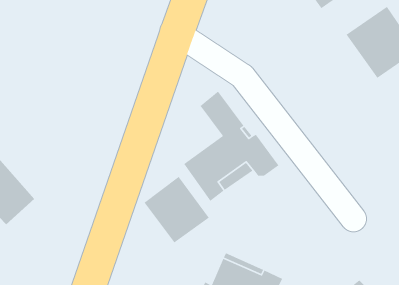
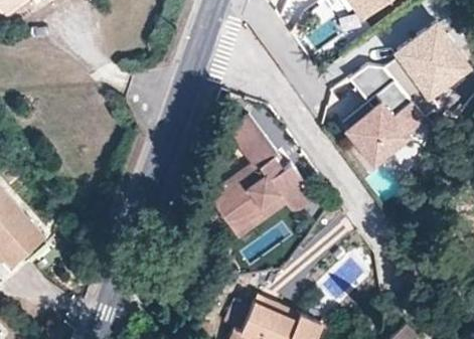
building: none -> [326,67,430,172]
building: [144,176,210,244] -> none

